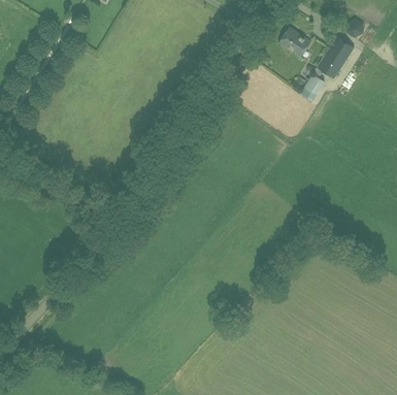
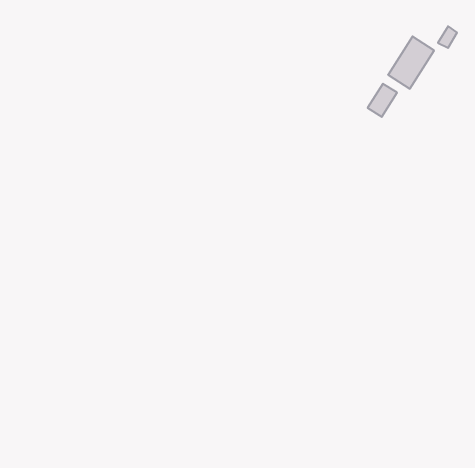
building: [278,26,310,56] -> none

